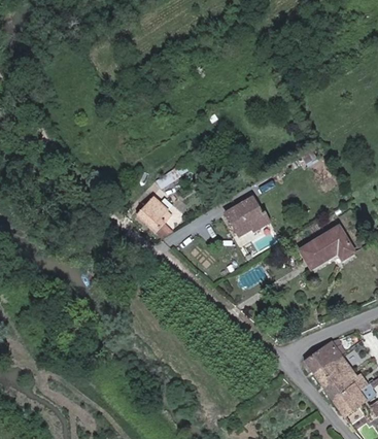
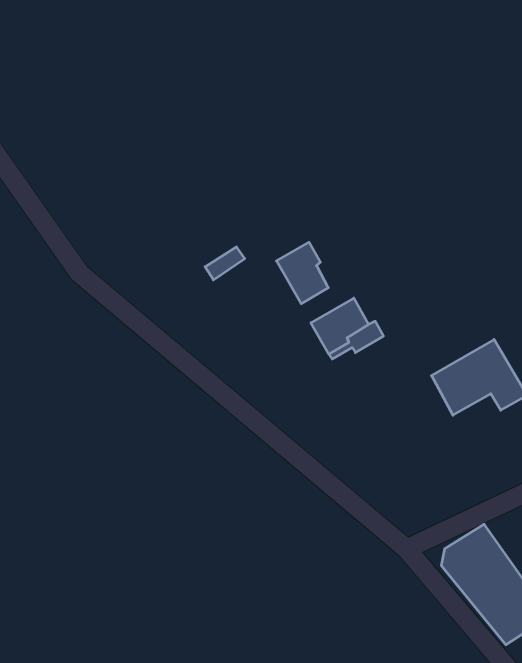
building: none -> [276,242,328,304]
building: [135,197,170,238] -> none

